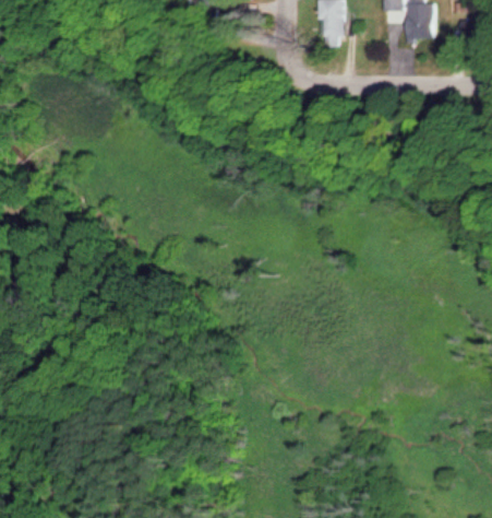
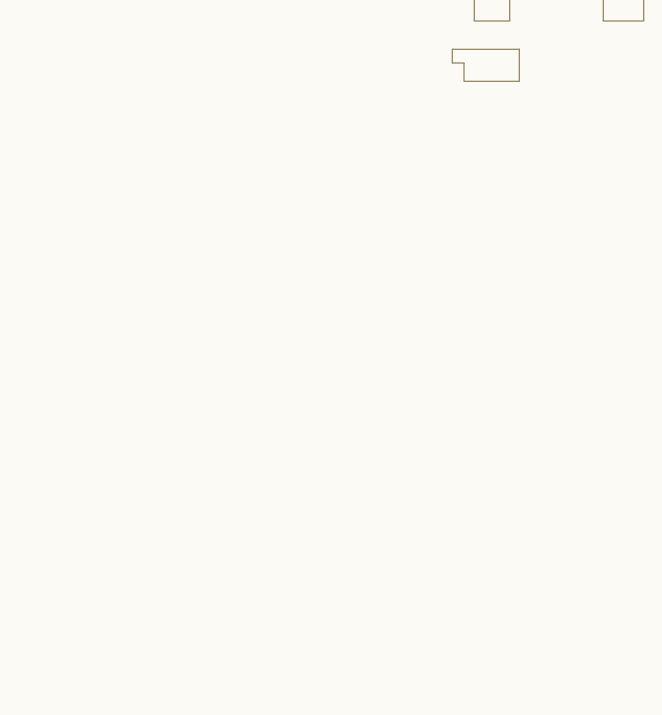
building: none -> [453,49,519,81]

